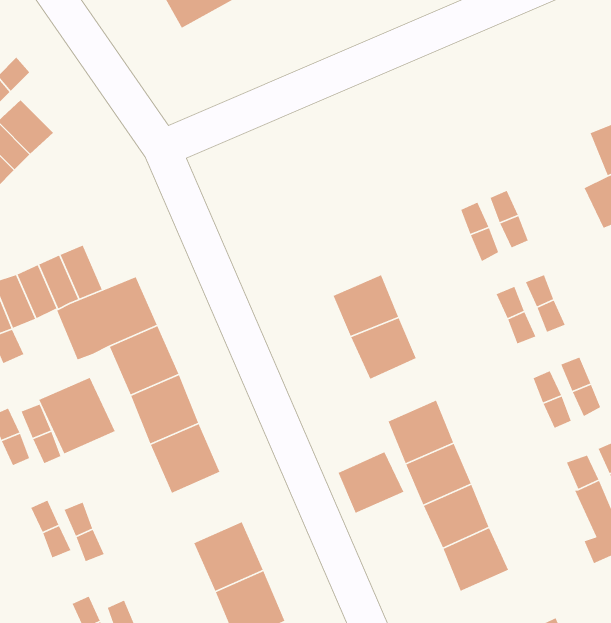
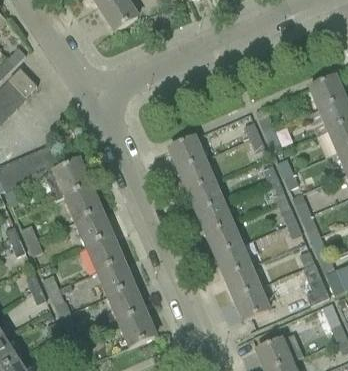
building: none -> [170,136,204,169]
building: [38,377,116,454] -> none
building: [338,451,404,514] -> [198,201,232,233]
building: none -> [97,259,133,295]

